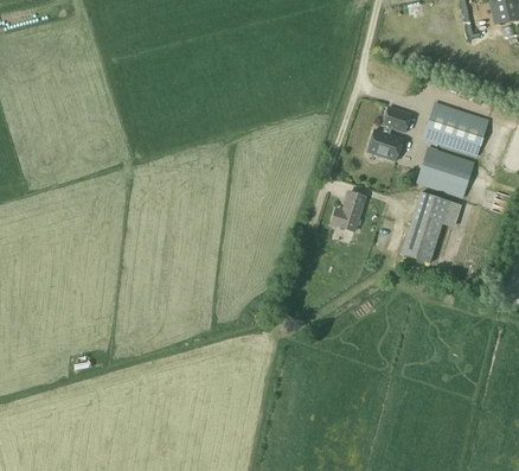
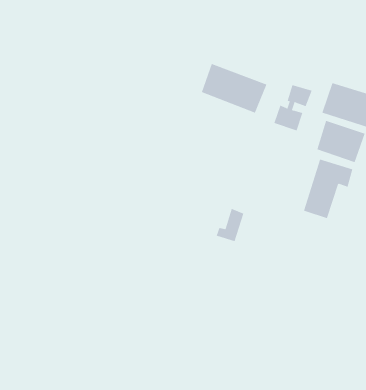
building: none -> [201,63,267,113]
building: [332,191,365,230] -> [216,208,244,242]

